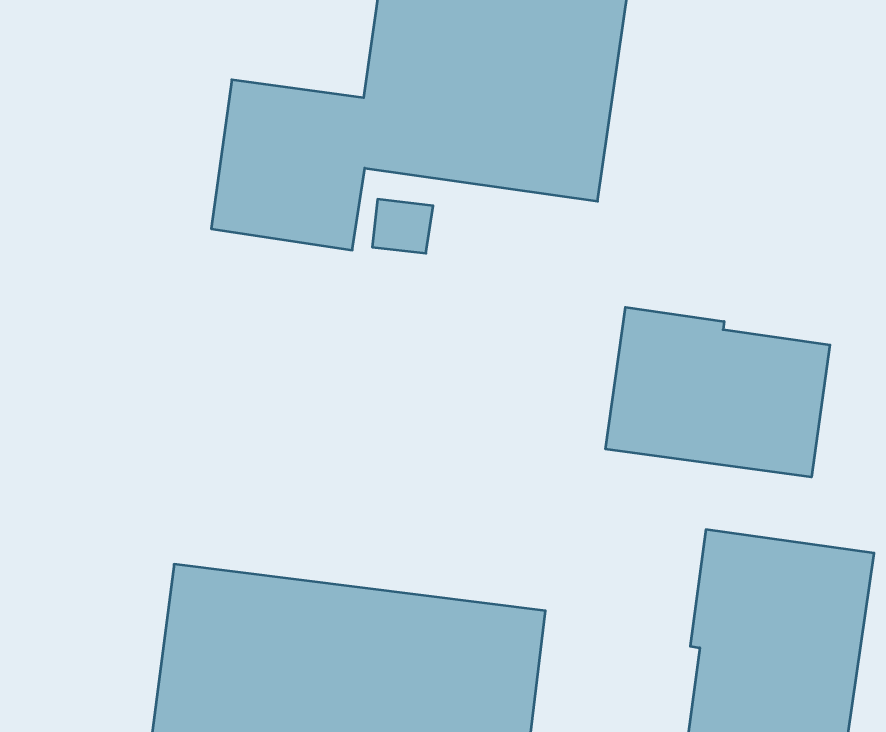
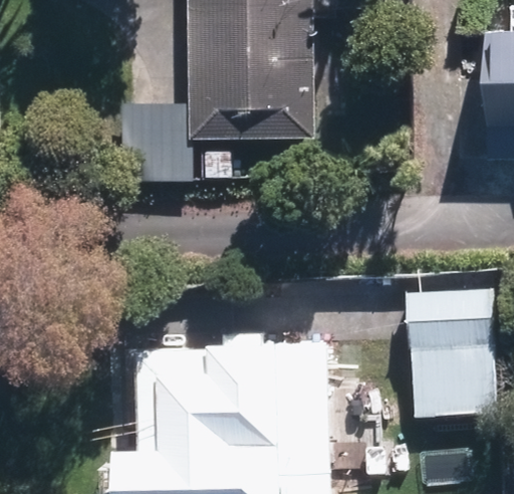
building: [606,307,830,477] -> none

